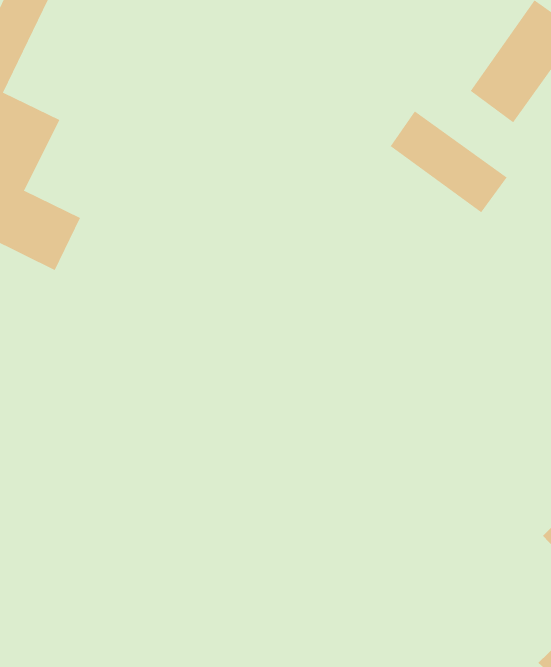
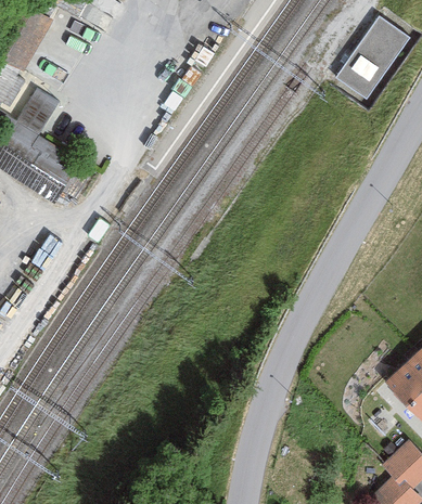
building: [390,111,507,213] -> none

